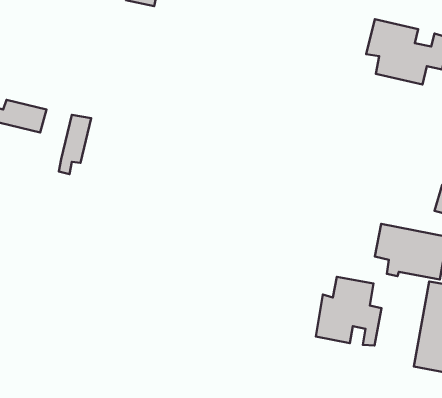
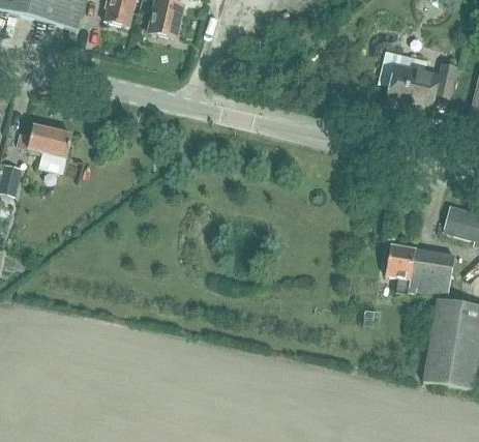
building: [59,115,91,174] -> none
building: [316,277,382,345] -> none

